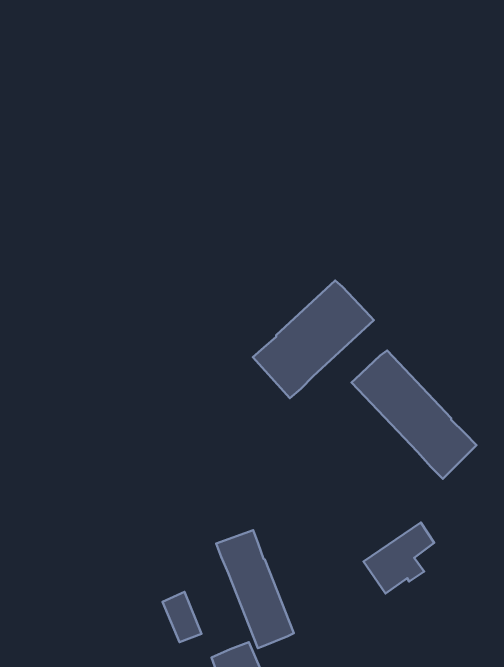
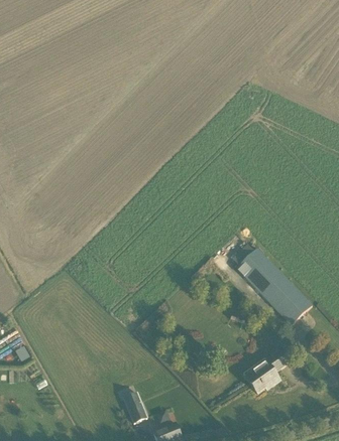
building: [253,280,374,398] -> none
building: [216,530,294,648] -> none

